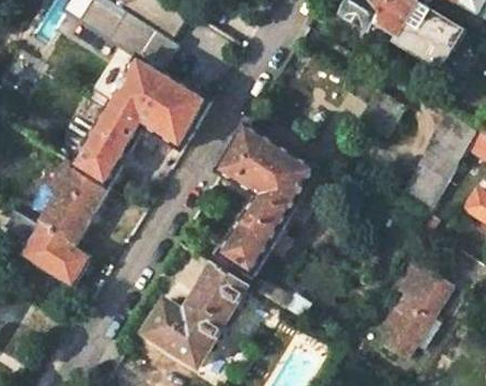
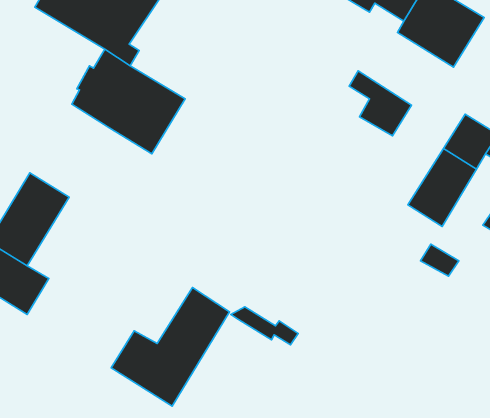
building: [72,105,141,185] -> none
building: [215,124,325,274] -> none
building: [380,265,448,344] -> none

